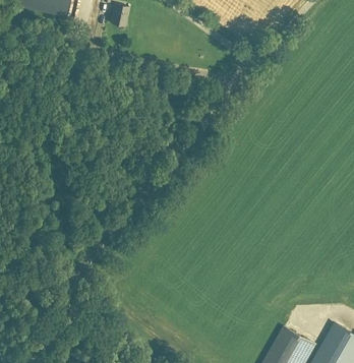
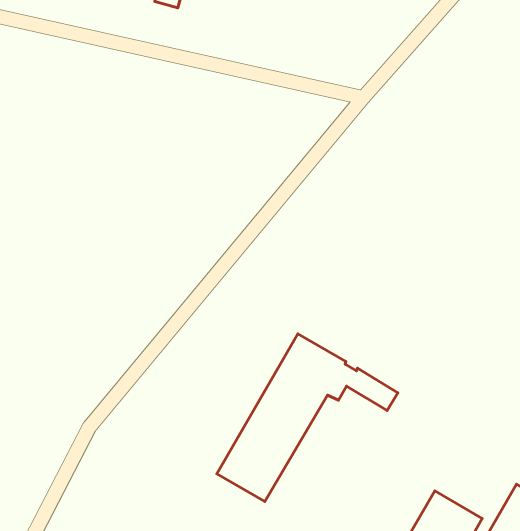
building: none -> [217,334,398,501]

